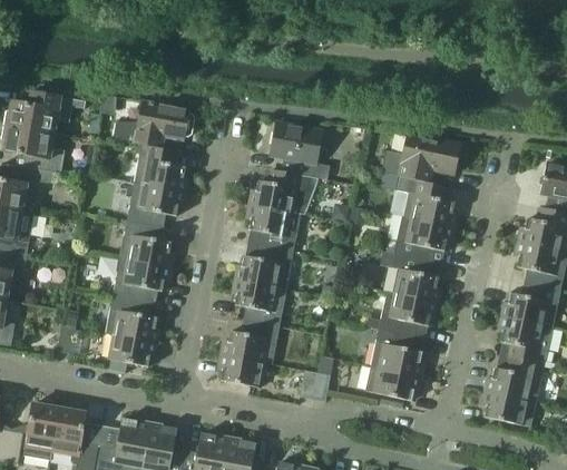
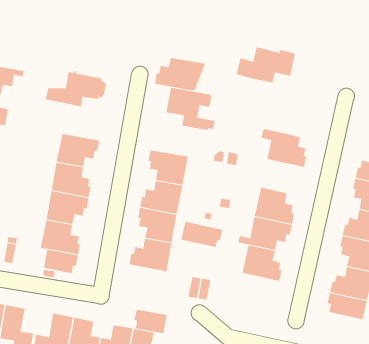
building: [380,135,459,183] -> [236,47,296,83]
building: [134,144,186,192] -> none
building: [250,169,317,214] -> [154,58,206,92]
building: [394,216,452,261] -> none
building: [218,354,263,386] -> [133,309,167,334]
building: [364,365,420,400] -> [181,221,223,248]

